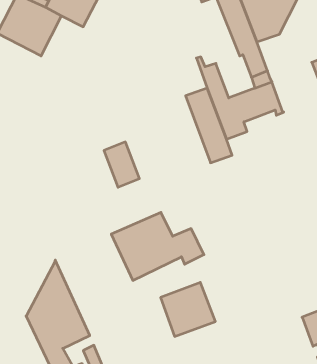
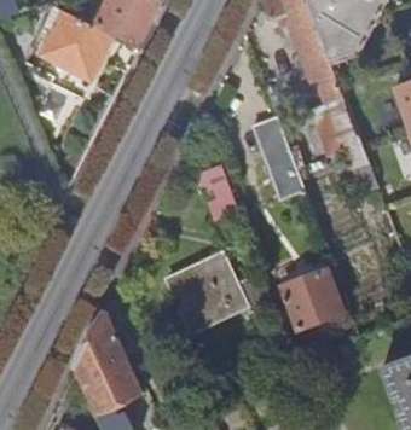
building: [104,142,139,187] -> [198,168,238,219]
building: [161,282,215,336] -> [282,269,343,330]

